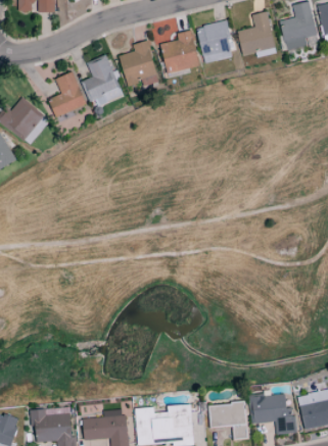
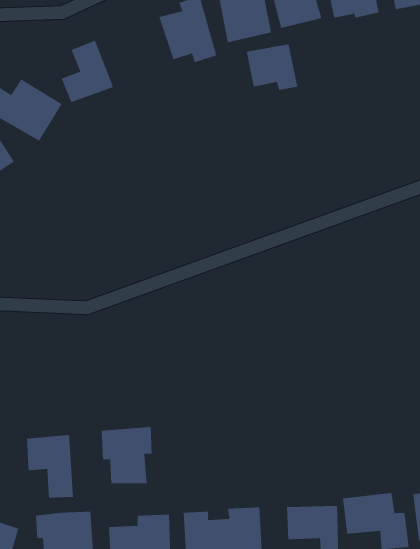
building: [84,54,124,108] -> none
building: none -> [246,44,298,91]
building: none -> [101,426,152,484]
building: none -> [26,434,73,499]

